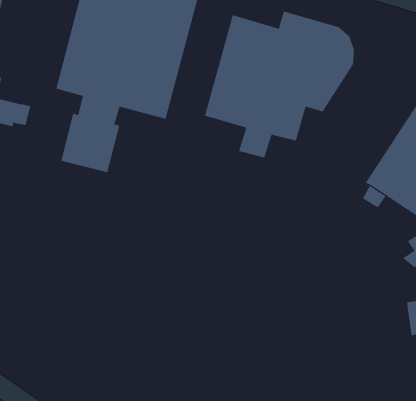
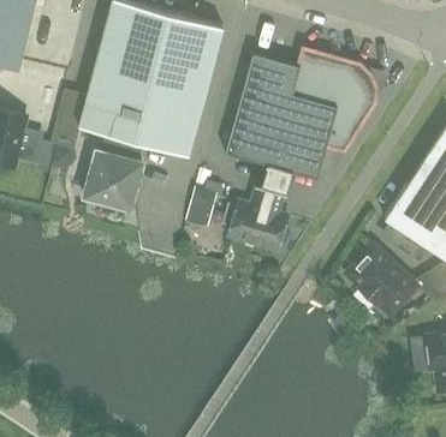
building: none -> [185,188,216,228]
building: none -> [221,188,287,252]
building: none -> [346,247,416,316]

